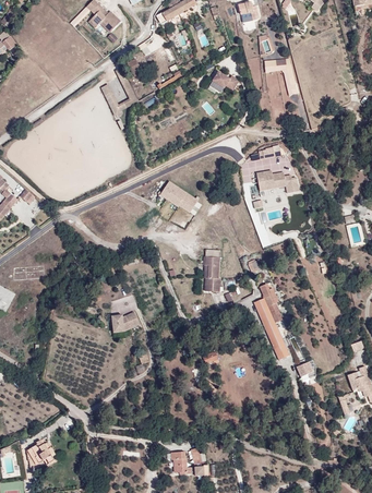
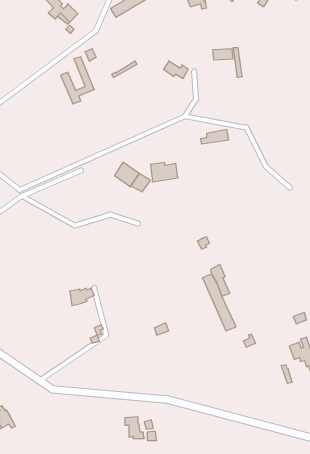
building: [256,170,286,191] -> [150,162,178,182]
building: [203,256,220,291] -> none

